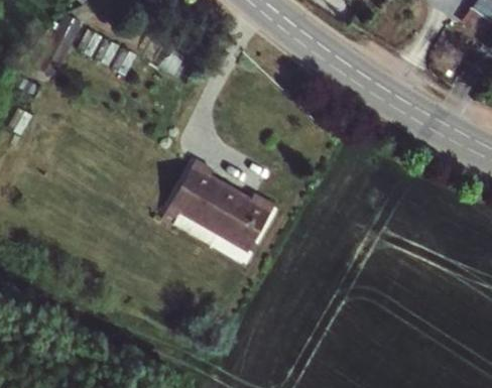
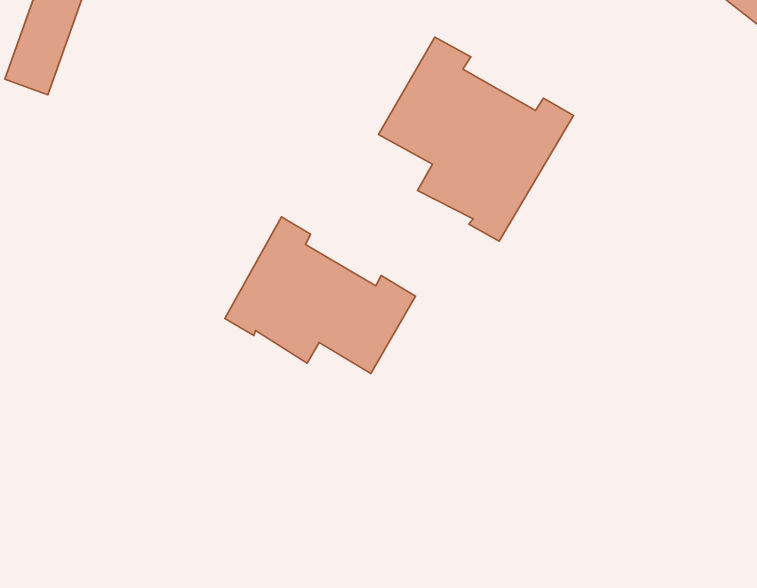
building: none -> [379,37,574,241]

